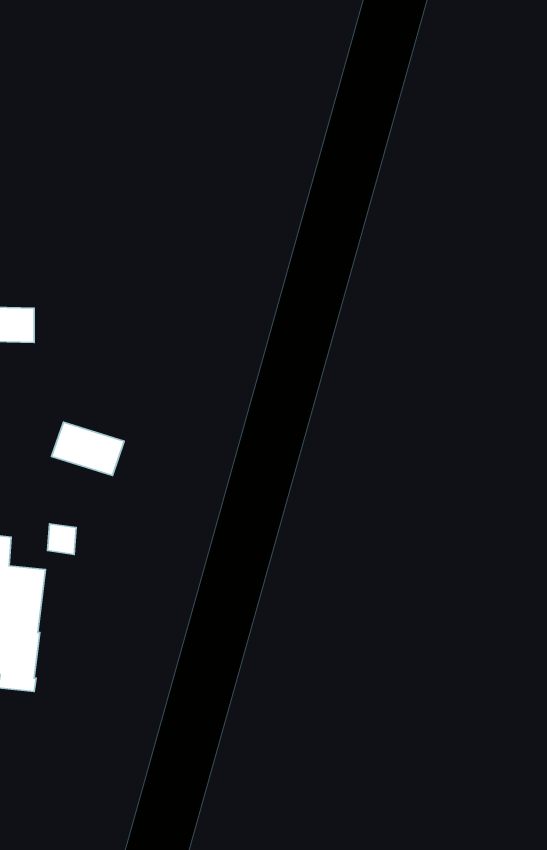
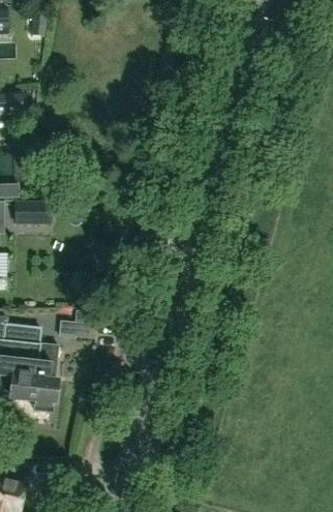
building: [52,422,124,476] -> none

